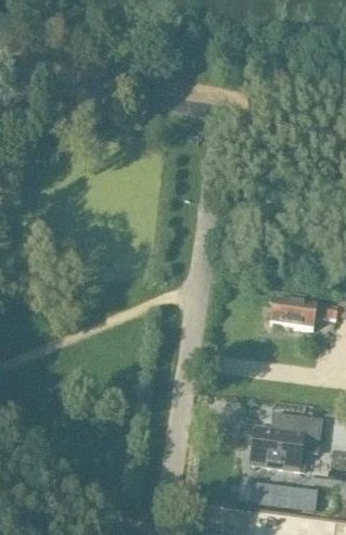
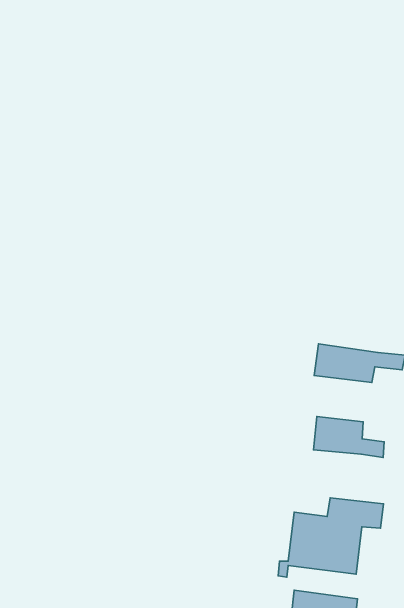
building: none -> [313,416,384,457]

